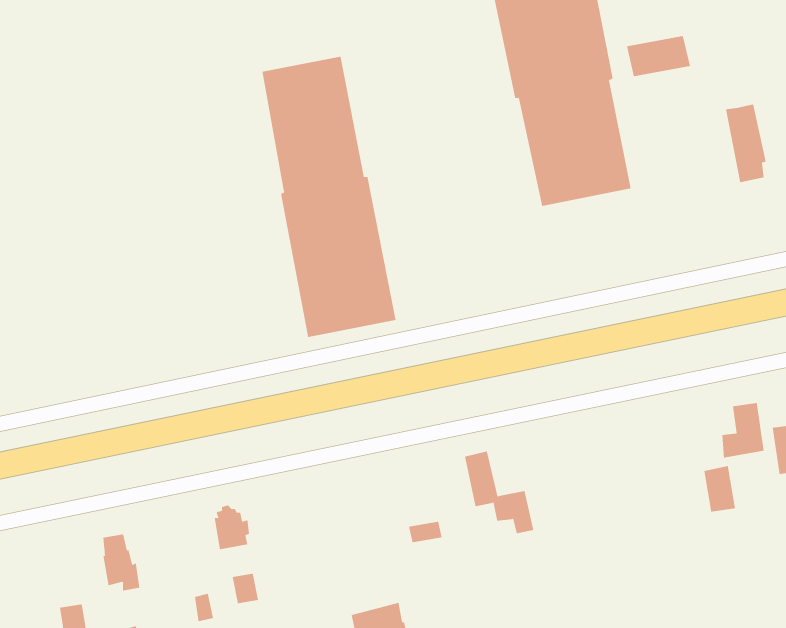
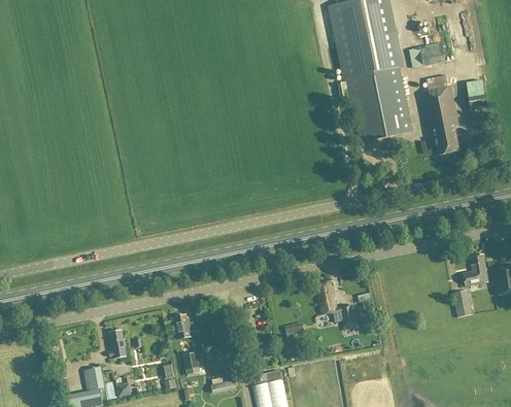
building: [262,56,396,338] -> none
building: none -> [421,74,466,154]

